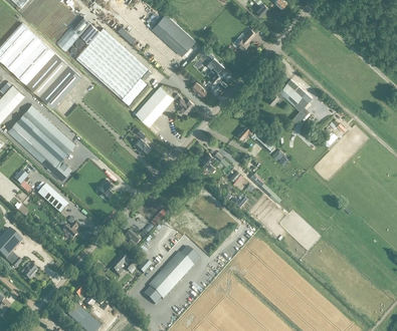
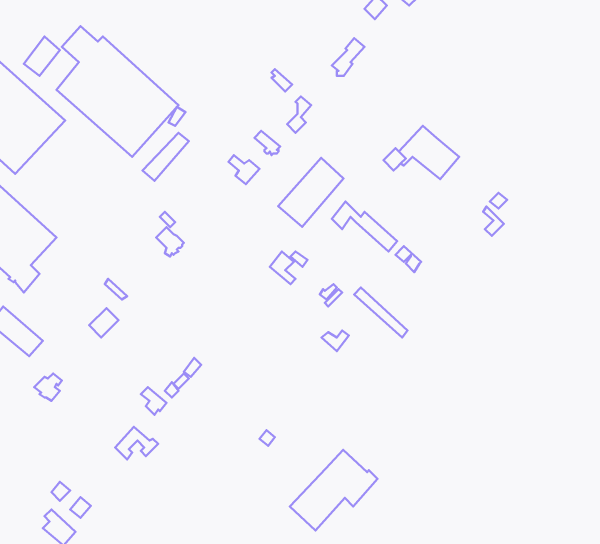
building: [151,13,195,56] -> none
building: [135,85,173,125] -> [278,158,344,227]
building: [147,253,198,300] -> [290,450,377,531]

